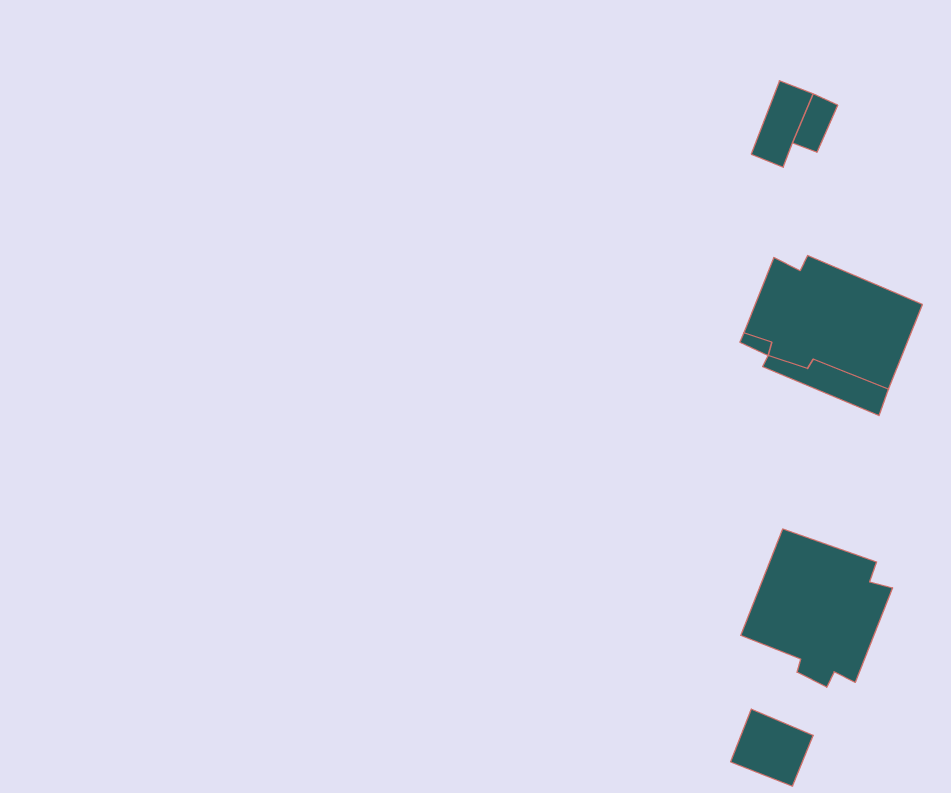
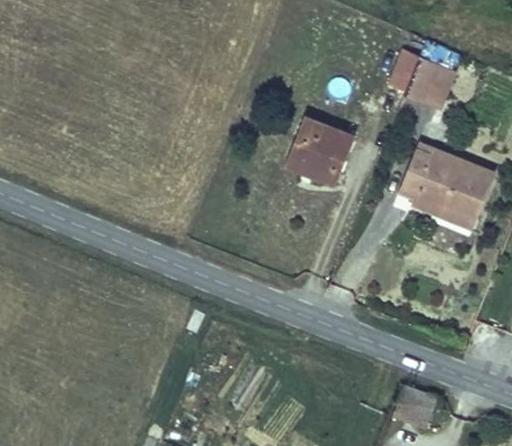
building: none -> [284,116,354,184]
building: [741,529,892,687] -> none

